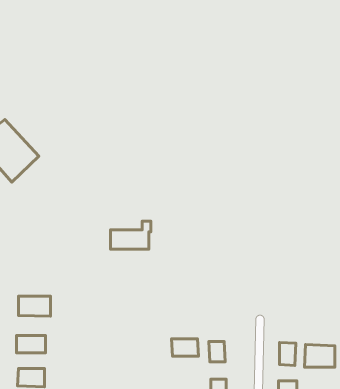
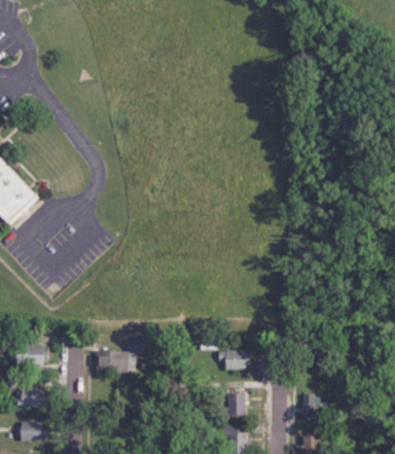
building: [110,221,151,249] -> [97,342,140,372]
building: [171,339,198,356] -> [219,350,248,369]
building: [305,344,335,367] -> none

